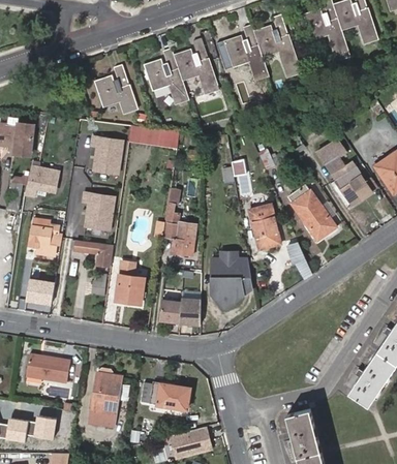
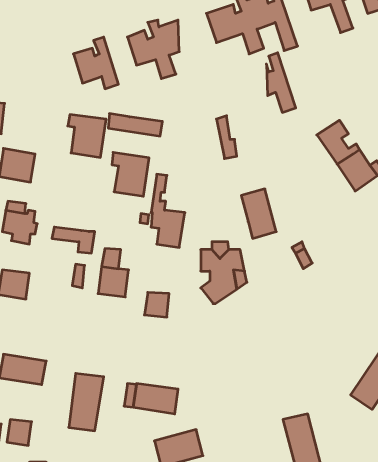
building: [190,38,217,93] -> [266,53,296,112]
building: [287,186,336,238] -> none
building: [82,190,116,230] -> [112,152,149,196]
building: [180,297,202,322] -> none

